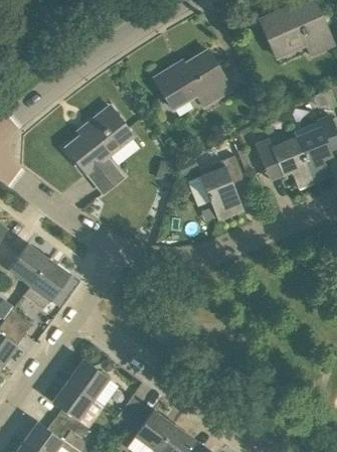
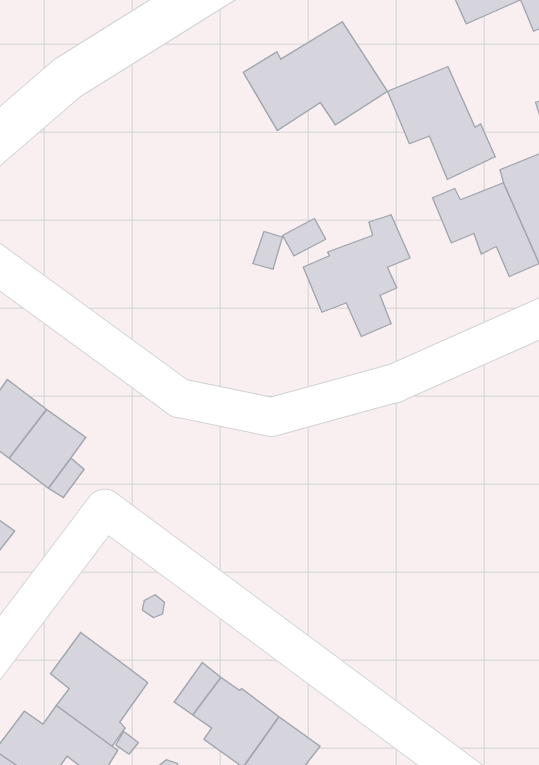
building: none -> [387,67,495,180]
building: [65,107,133,192] -> none
building: [67,358,110,400] -> none

